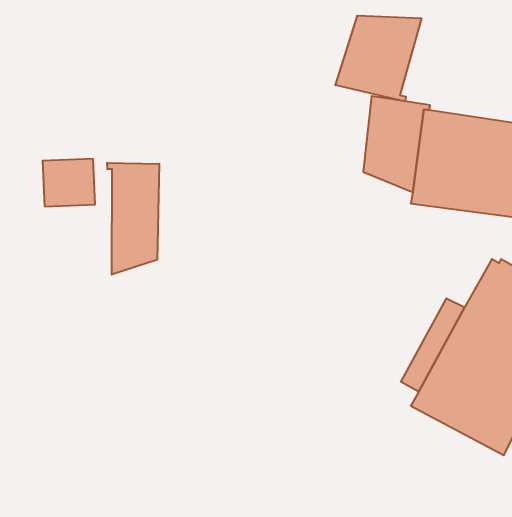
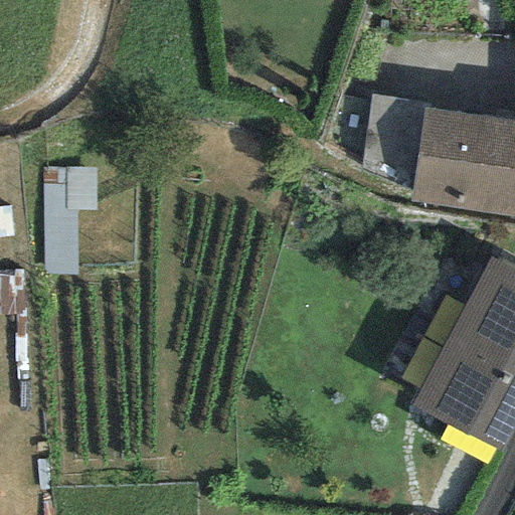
building: [335,16,421,101] -> none
building: [107,163,159,275] -> none

